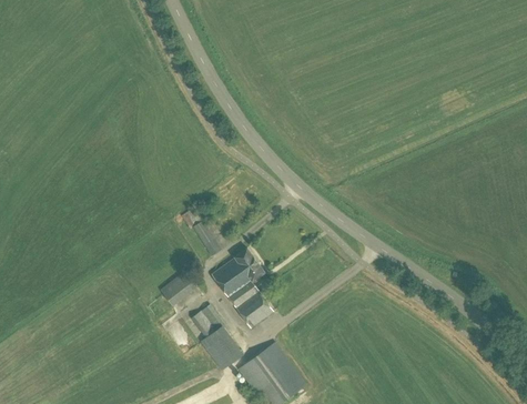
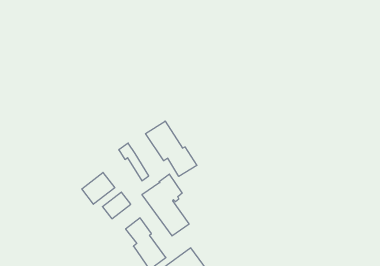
building: none -> [146,121,197,176]
building: none -> [82,172,115,204]

